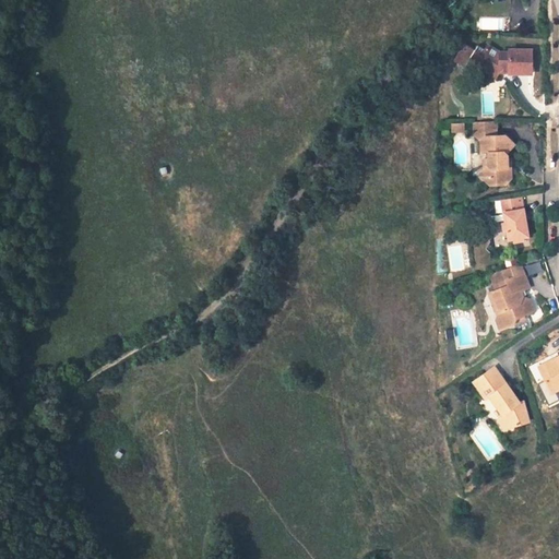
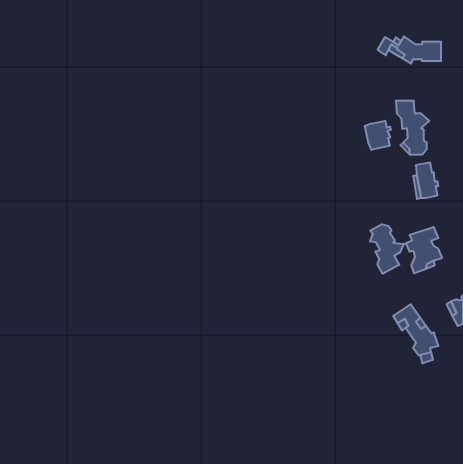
building: none -> [365,121,391,150]
building: none -> [370,224,404,274]

